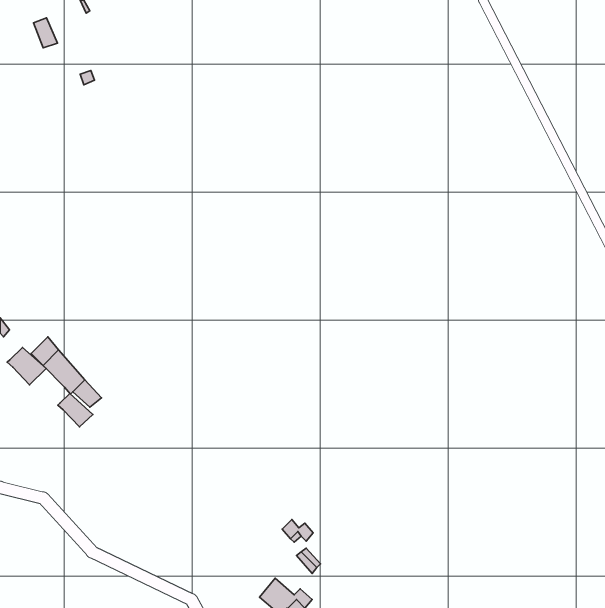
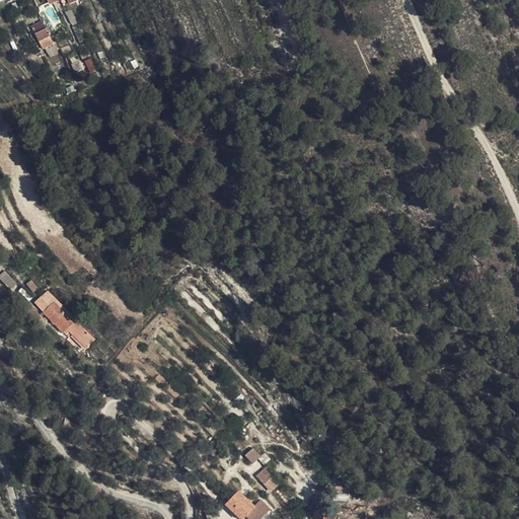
building: [7,348,46,385] -> none
building: [58,393,93,427] -> none

